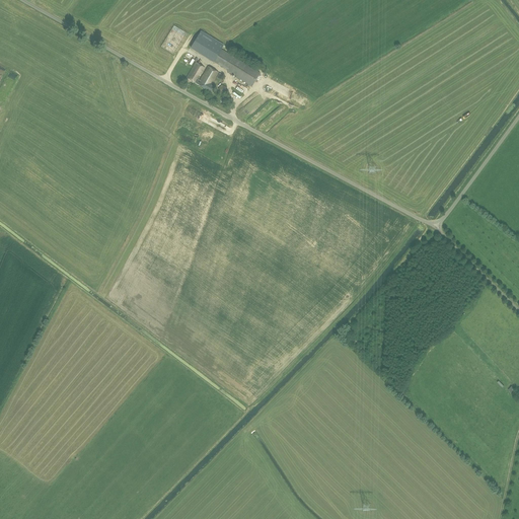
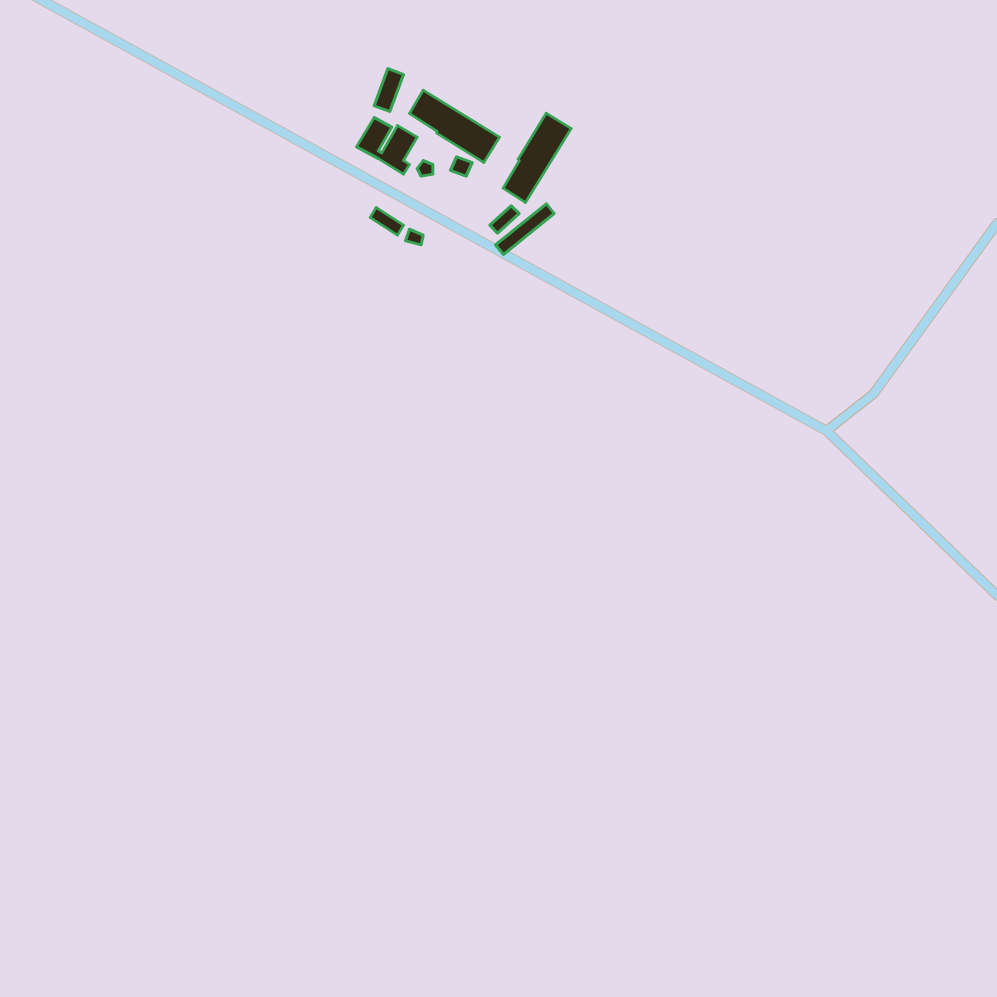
building: none -> [503,113,571,203]

